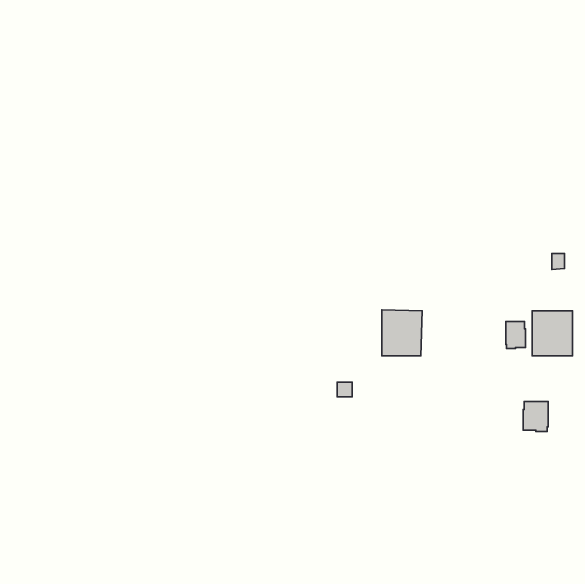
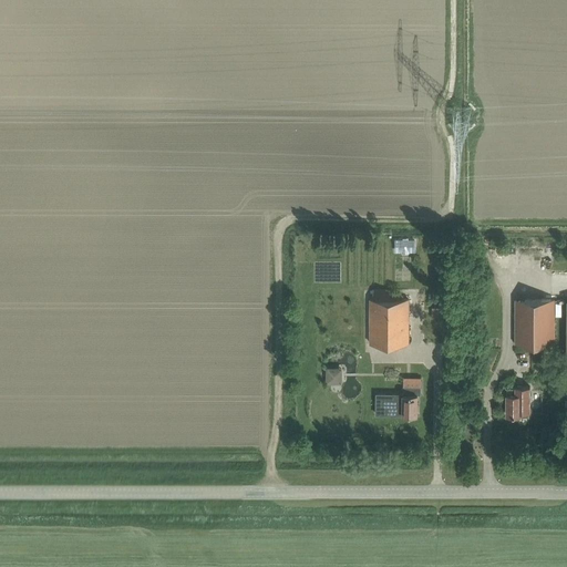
building: [506,322,526,348] -> none
building: none -> [374,389,420,417]

